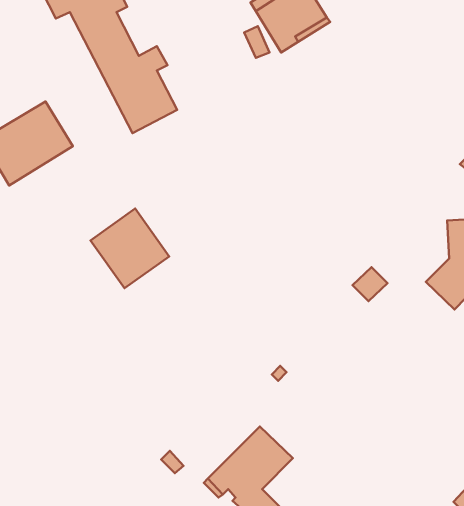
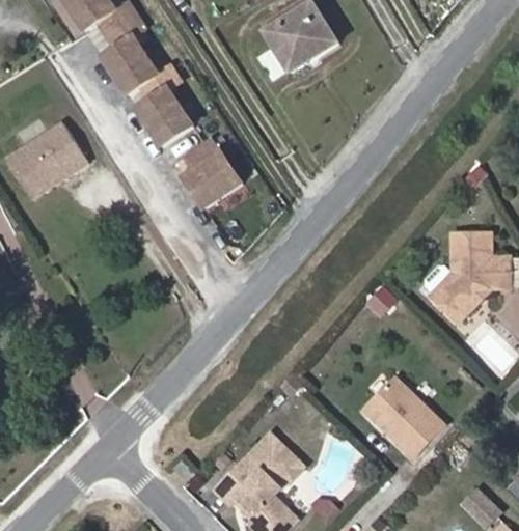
building: [91,209,169,288] -> [165,134,242,212]
building: none -> [366,378,446,457]

